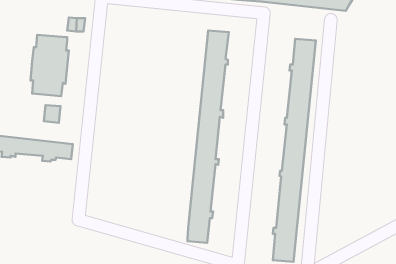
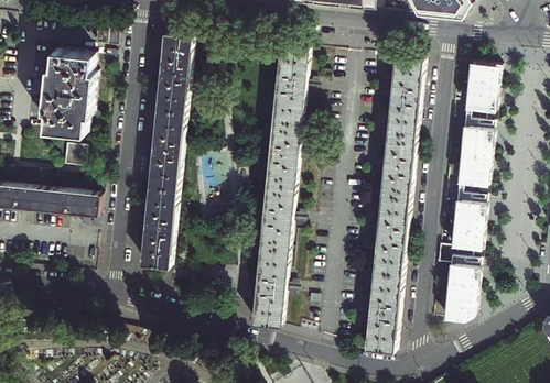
building: none -> [142,32,192,265]
building: none -> [434,61,499,319]

